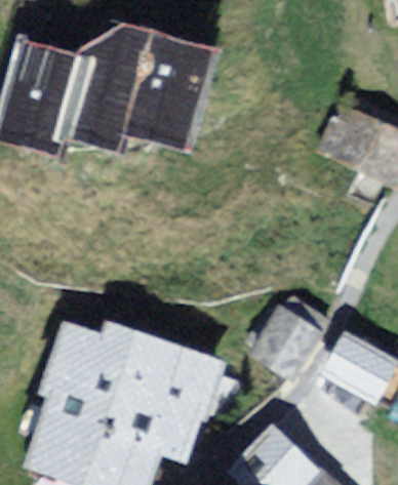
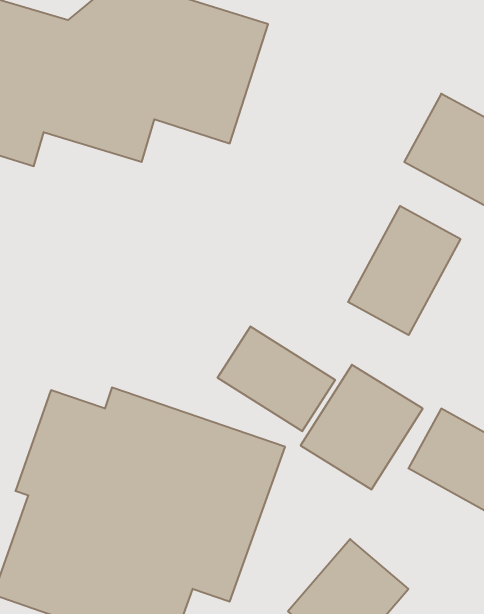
building: none -> [348,206,460,335]
building: none -> [218,326,335,431]

